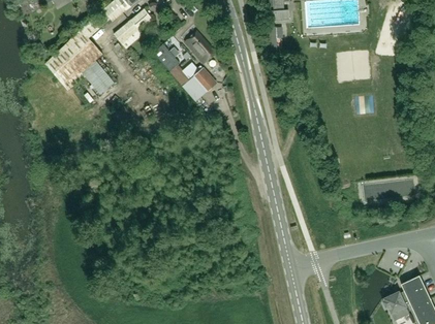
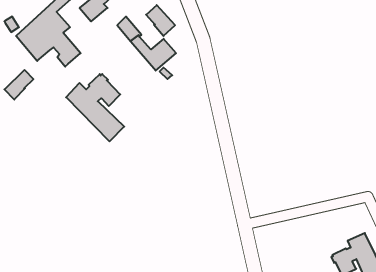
building: none -> [4,70,33,100]
building: none -> [66,74,124,141]
building: [355,176,421,207] -> none

